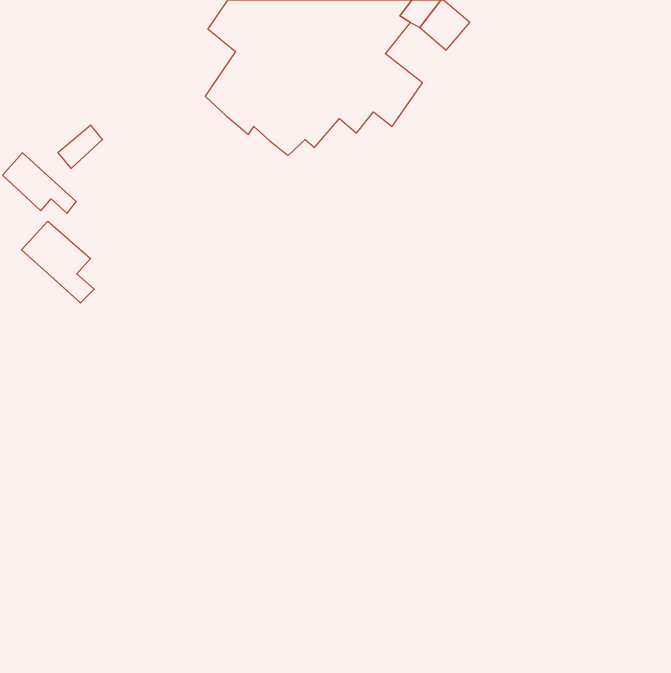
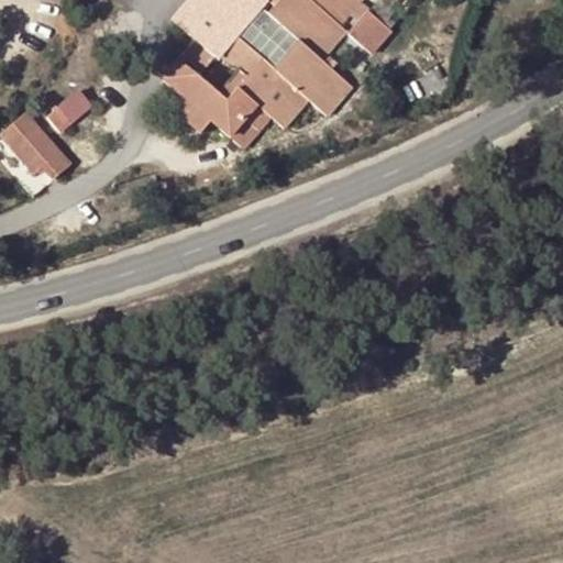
building: [22,221,94,303] -> none

